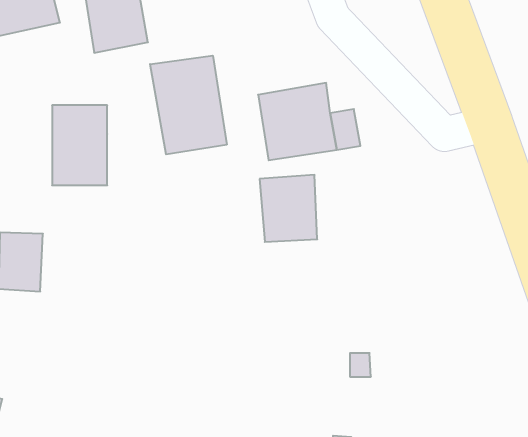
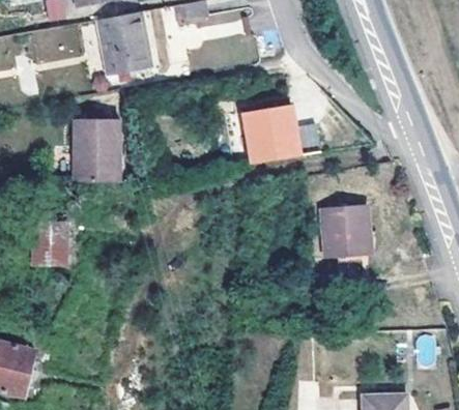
building: [150,56,227,154] -> none
building: [260,175,317,242] -> [324,205,370,258]

